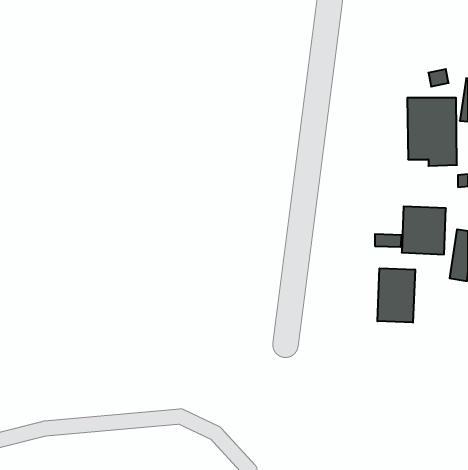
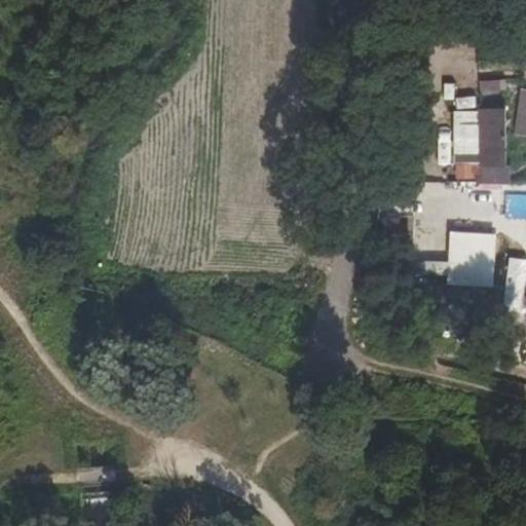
building: [377,268,415,323] -> none

